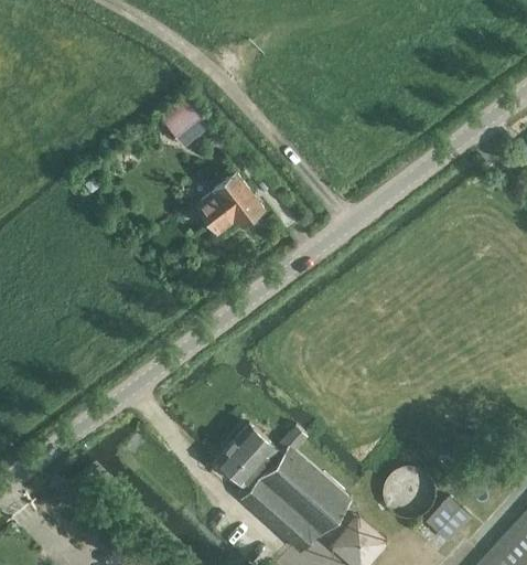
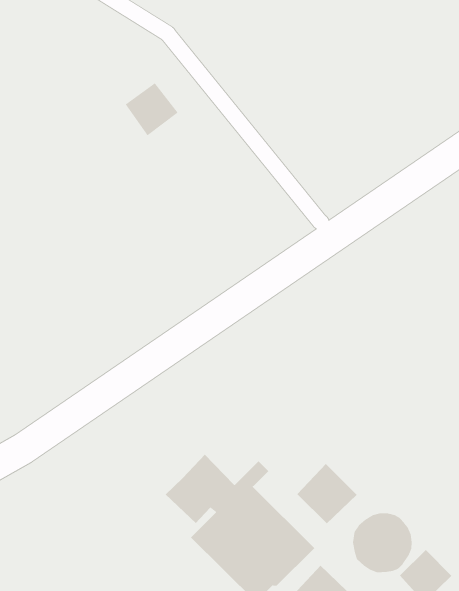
building: [195,173,262,234] -> none
building: none -> [297,463,357,524]

